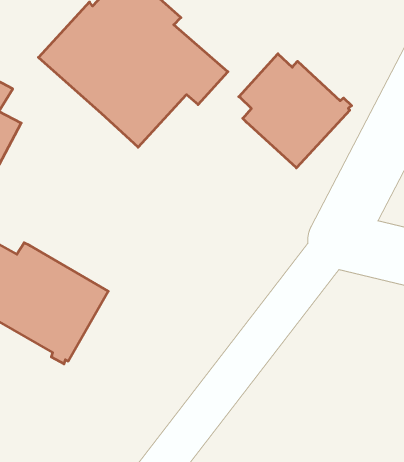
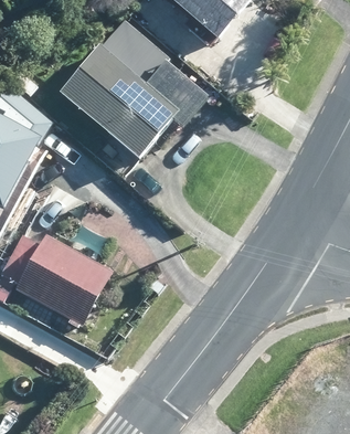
building: [239,54,352,168] -> none

